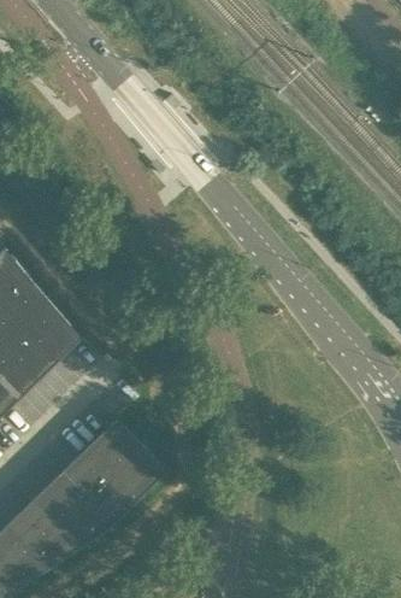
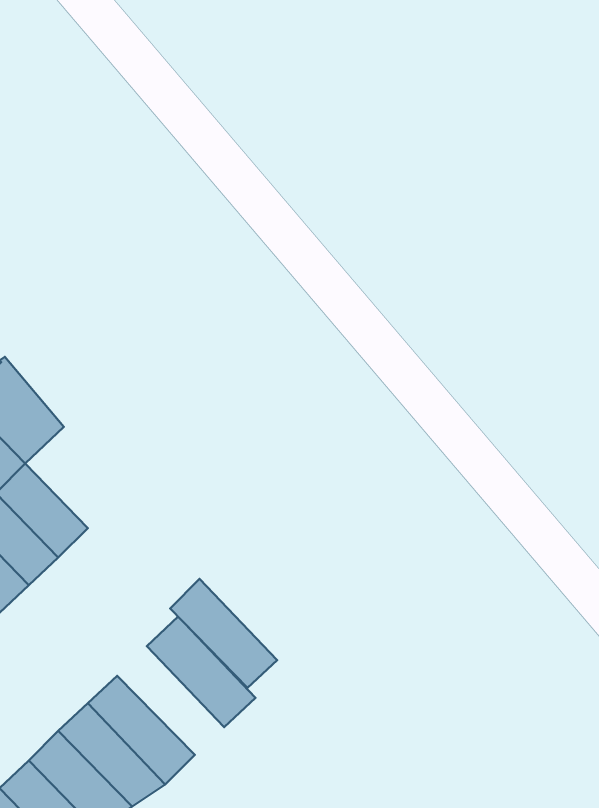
building: [17,293,82,359] -> none
building: [77,436,147,508] -> [170,579,277,688]

